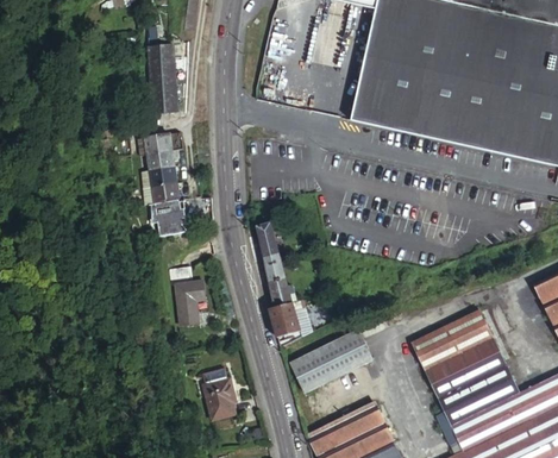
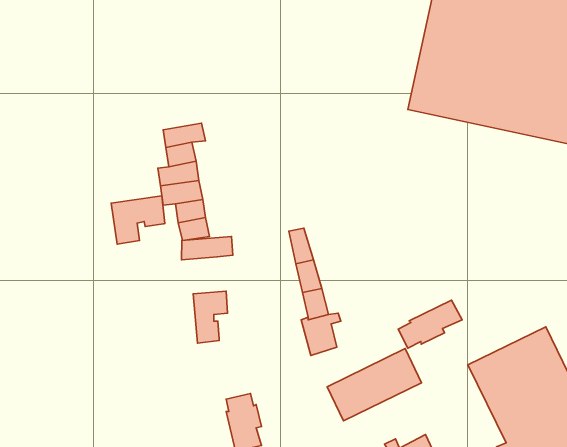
building: [148,39,180,115] -> none
building: none -> [111,196,165,244]
building: none -> [182,236,233,260]
building: none -> [398,300,462,348]

